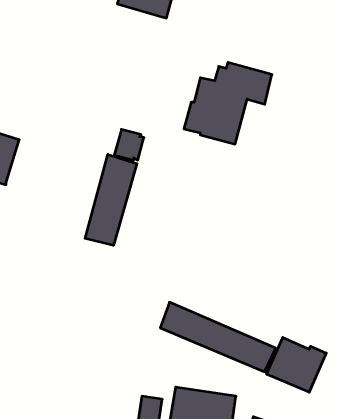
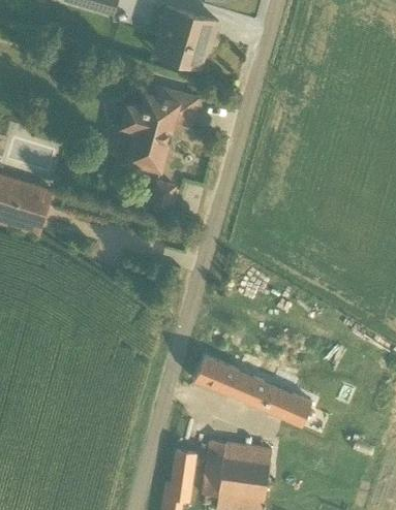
building: [184,62,272,144] -> [110,86,199,168]
building: [85,154,137,245] -> none
building: [267,337,326,392] -> none

